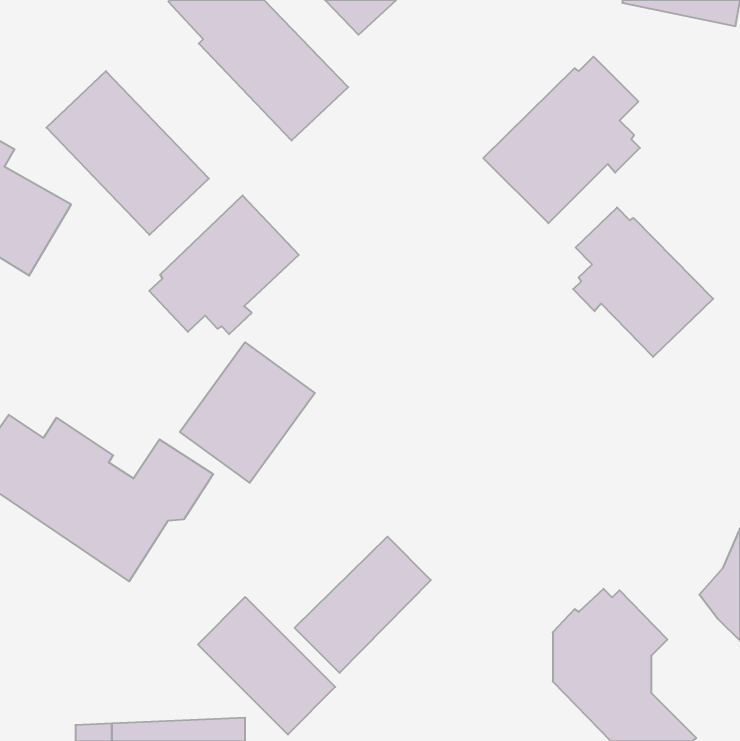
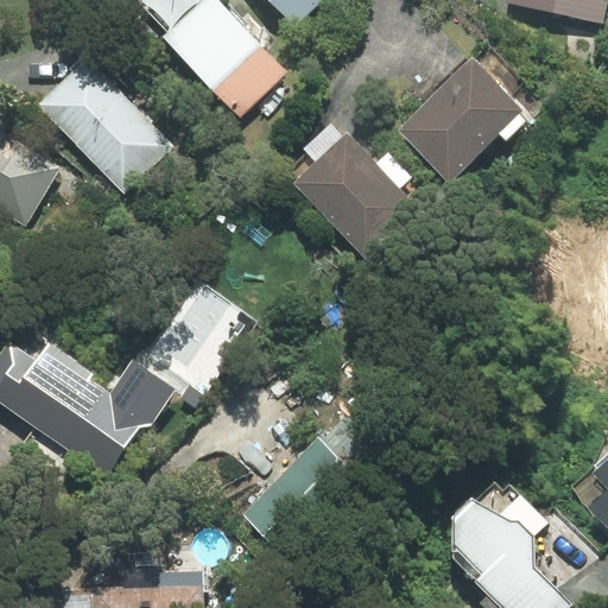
building: none -> [290,129,424,265]
building: [149,195,299,334] -> none
building: [573,207,713,357] -> none
building: [198,597,335,735] -> none

